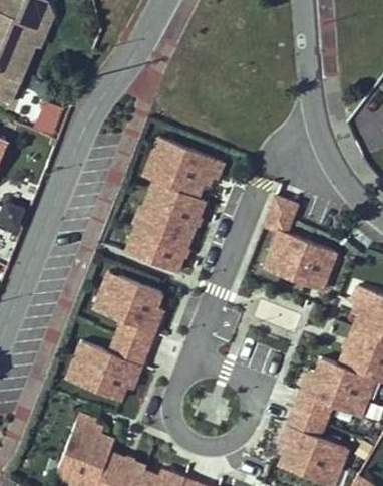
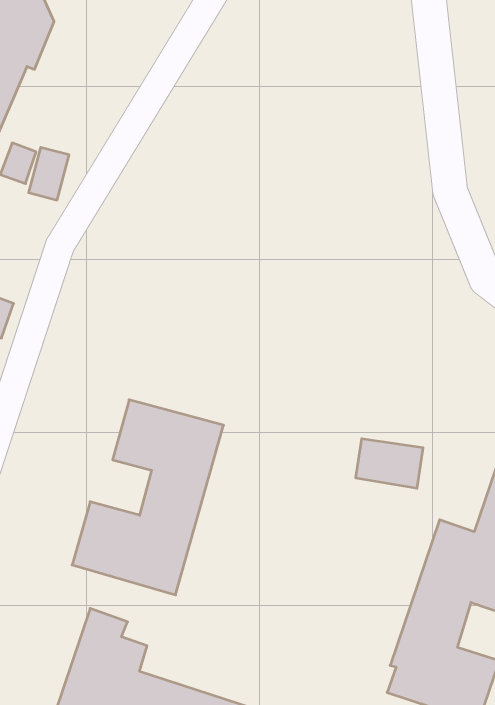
building: [123,135,223,272] -> none
building: [261,194,339,288] -> none

